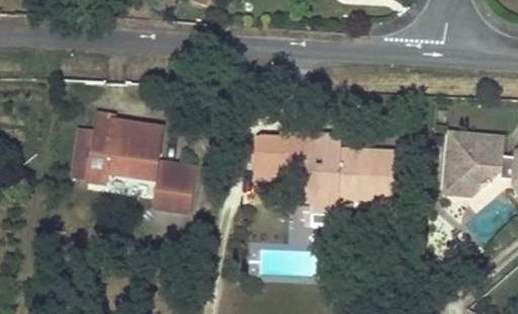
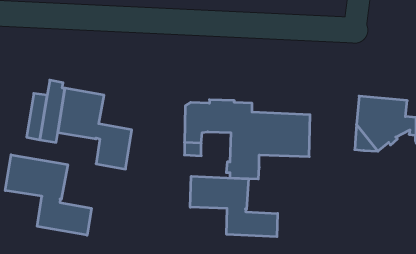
building: none -> [5,155,91,235]
building: none -> [190,176,278,237]

